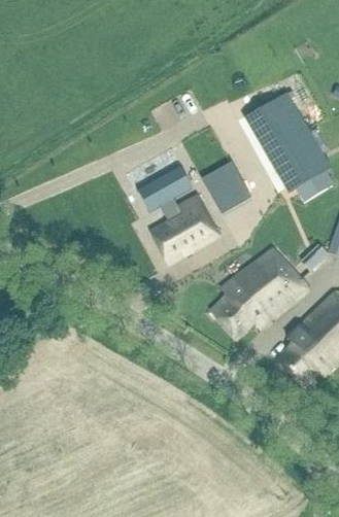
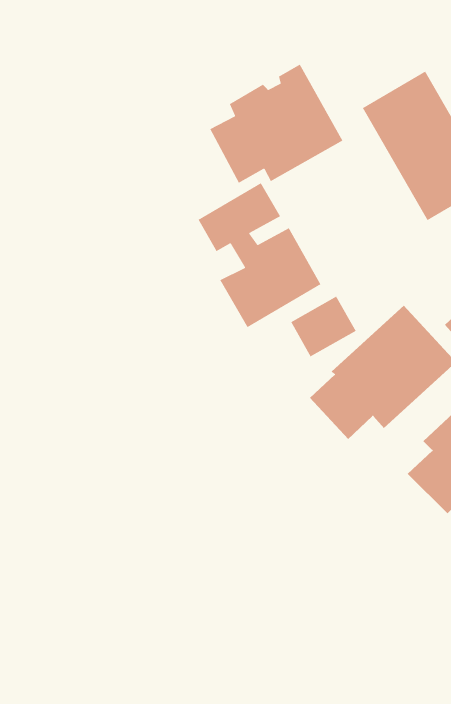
building: none -> [209,63,343,184]
building: [206,172,250,213] -> [290,296,357,358]

